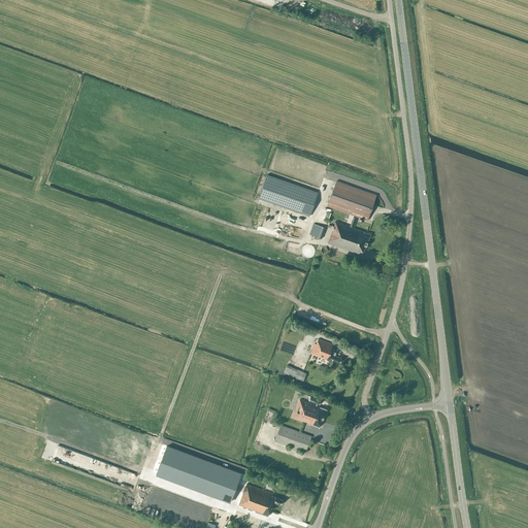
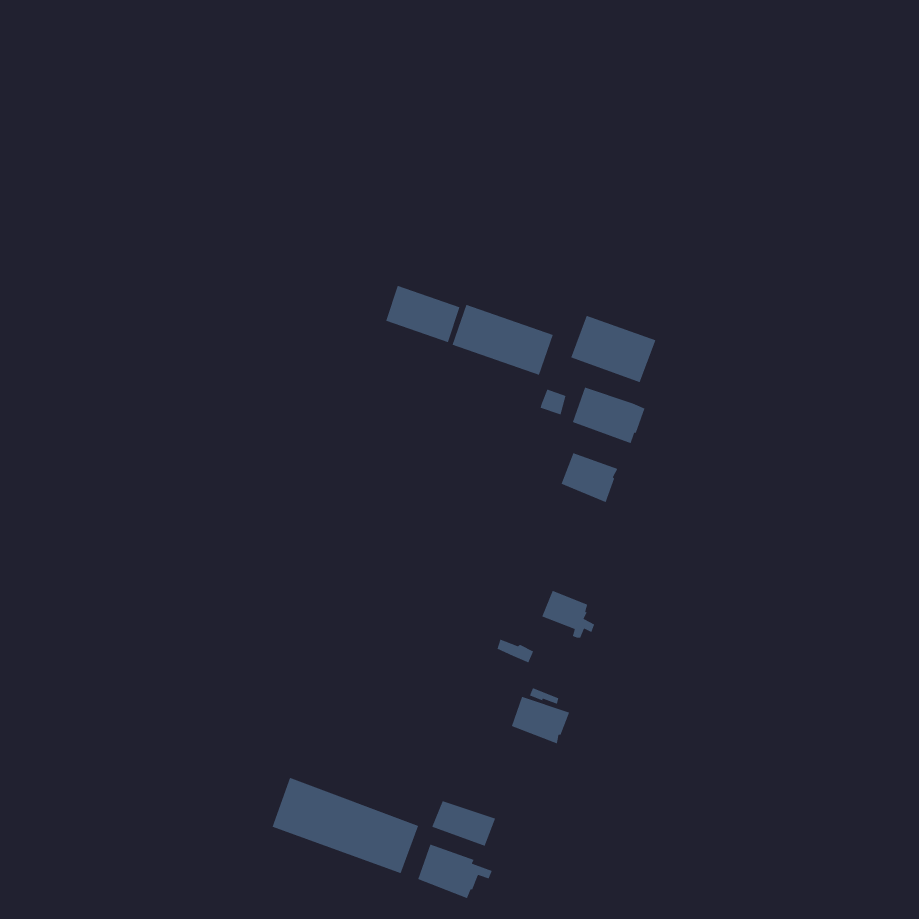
building: none -> [385,285,461,343]
building: none -> [561,452,618,503]
building: [274,425,311,452] -> [431,800,496,847]

